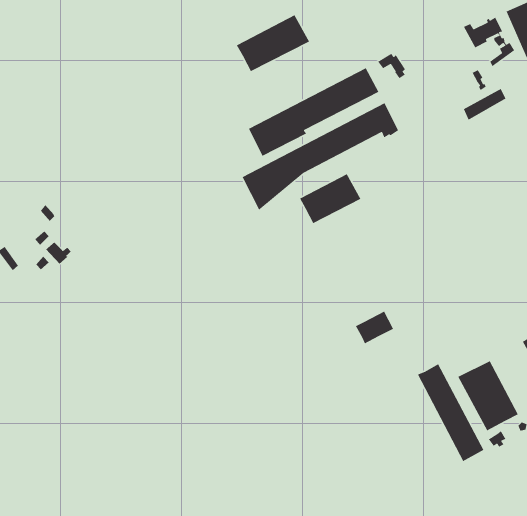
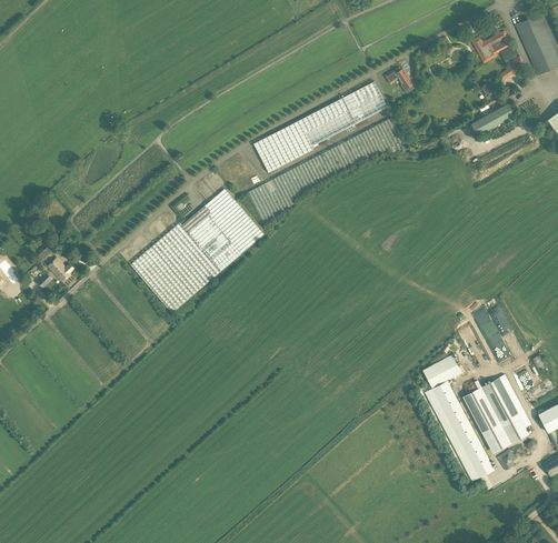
building: [236,14,310,72] -> none
building: none -> [130,188,265,313]
building: [299,173,362,224] -> none
building: [355,310,394,344] -> [422,354,462,389]

